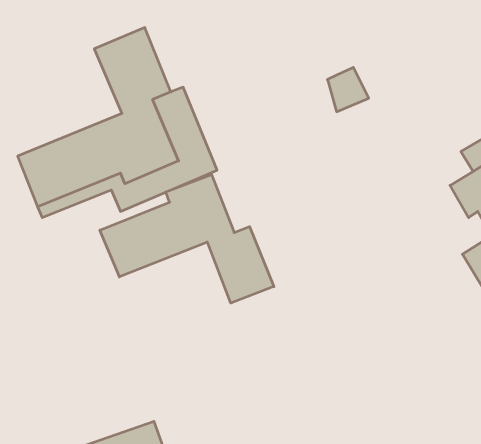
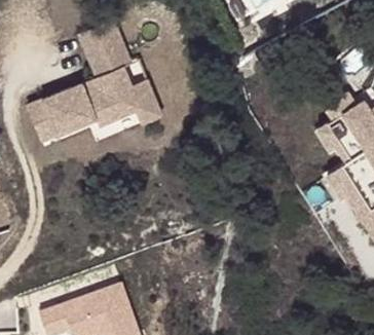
building: [100,175,274,303] -> none

